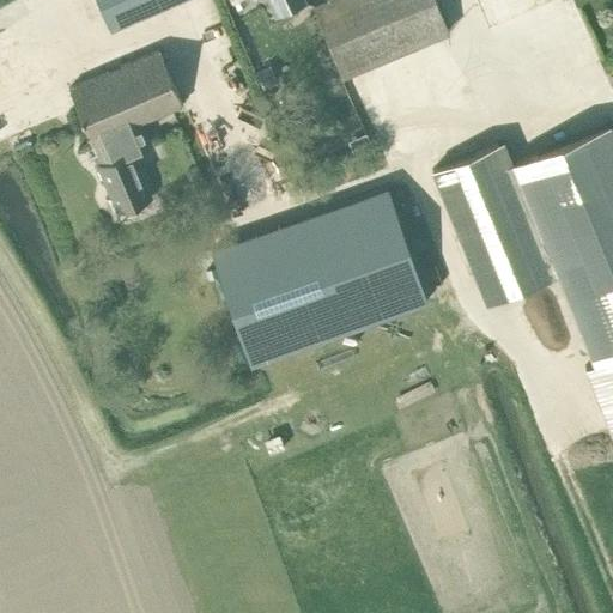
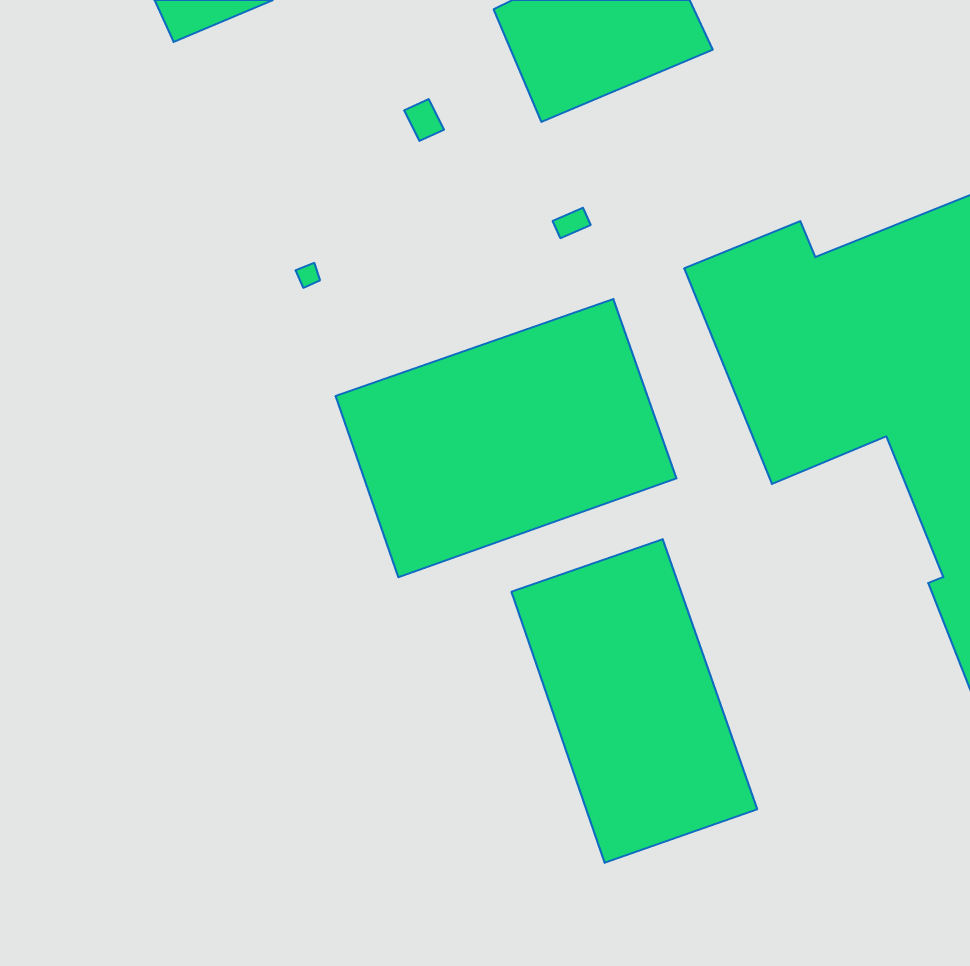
building: [69,54,183,216] -> none
building: none -> [512,539,757,863]

